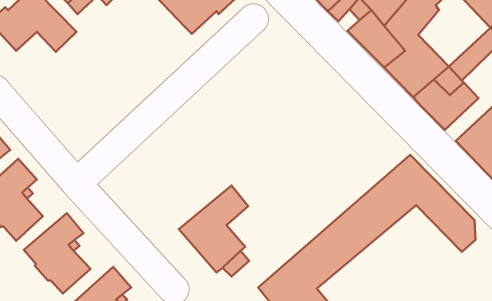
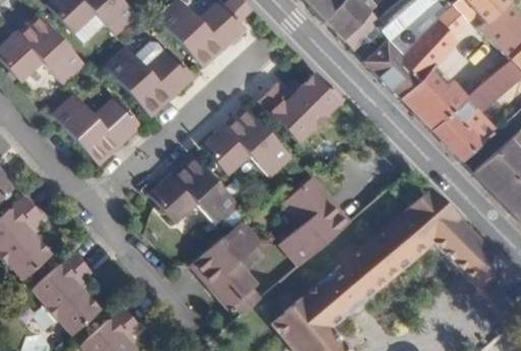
building: none -> [105,46,195,113]
building: none -> [259,75,342,142]
building: none -> [53,95,142,161]
building: none -> [202,107,292,177]
building: none -> [150,154,239,225]
building: none -> [281,177,350,267]

